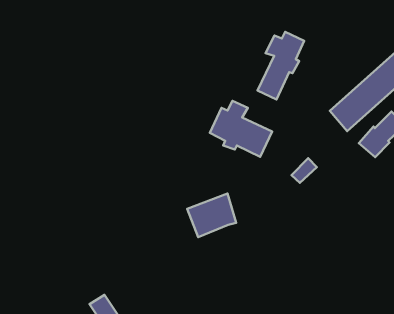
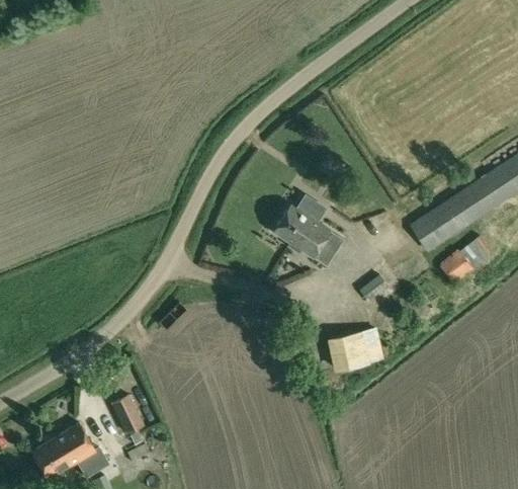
building: [257,32,304,100] -> none
building: [187,193,236,237] -> [327,328,379,373]

